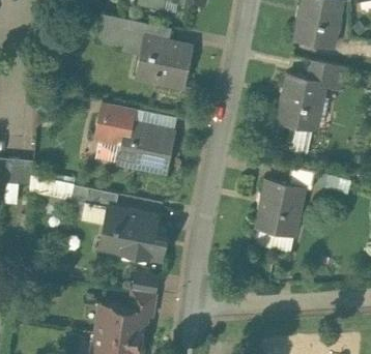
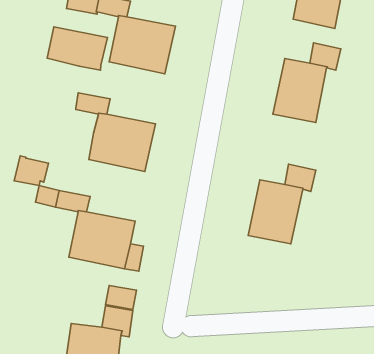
building: none -> [47,27,108,70]
building: [95,116,125,142] -> [14,156,49,186]

